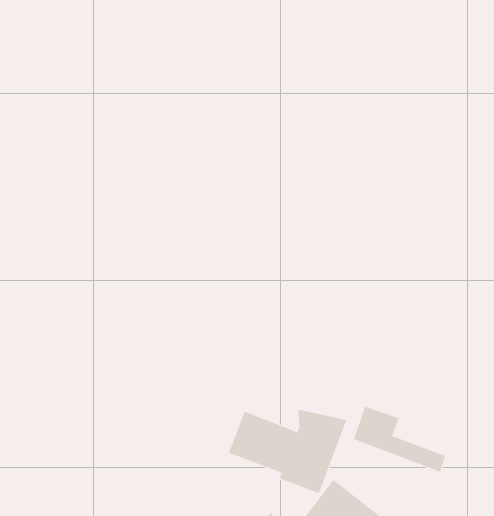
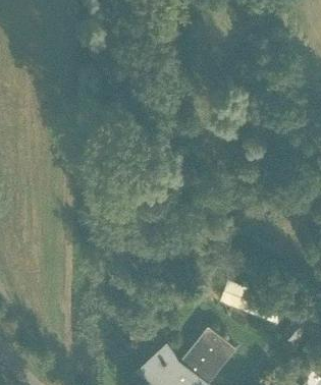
building: [228,409,347,494] -> none

